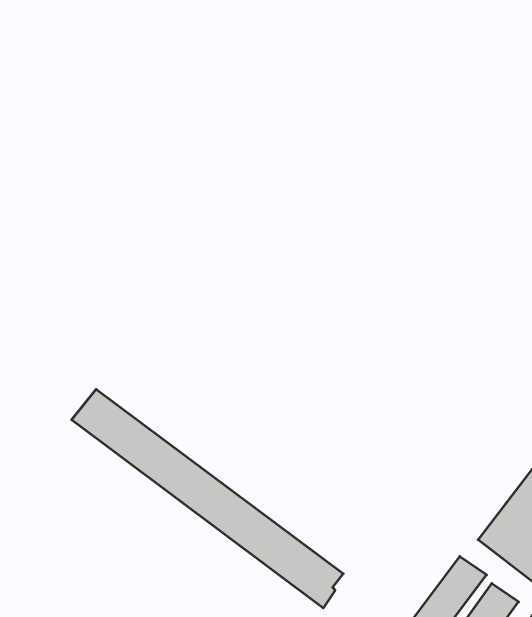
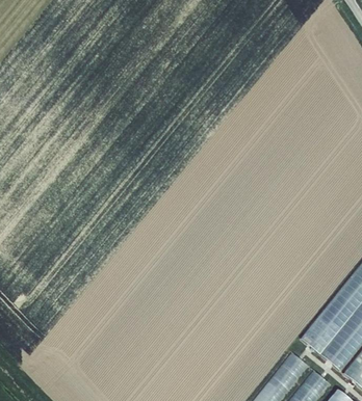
building: [72,389,343,608] -> none

